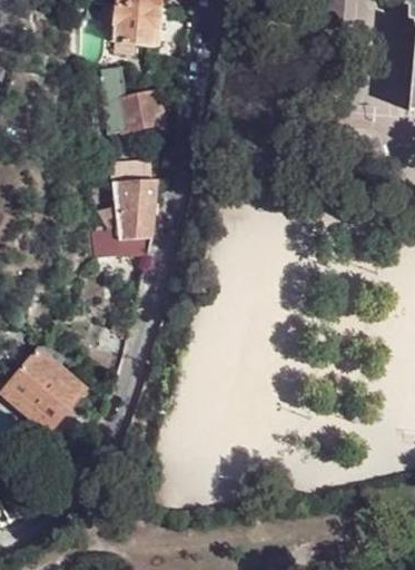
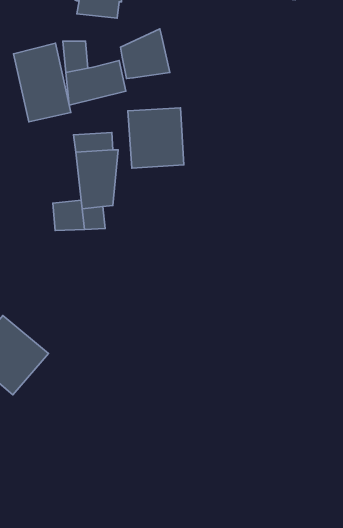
building: none -> [120,29,170,79]
building: none -> [13,43,71,122]
building: none -> [128,108,184,168]

